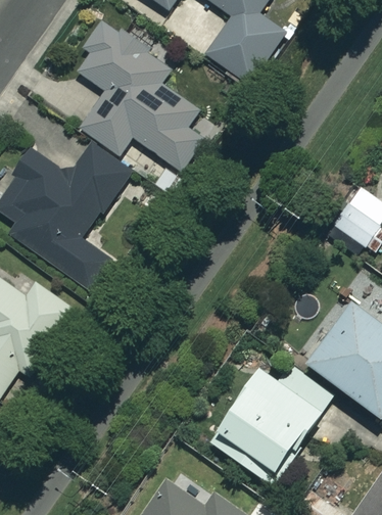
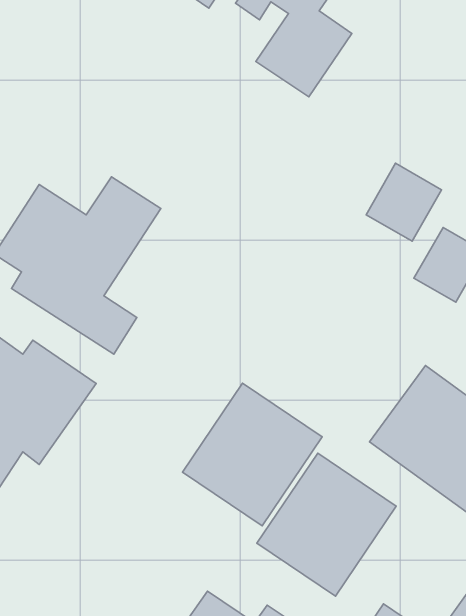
building: [79,15,202,171] -> none
building: none -> [366,163,442,241]
building: none -> [183,383,322,526]

